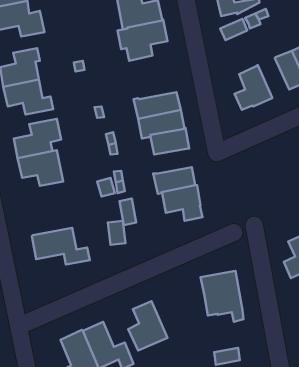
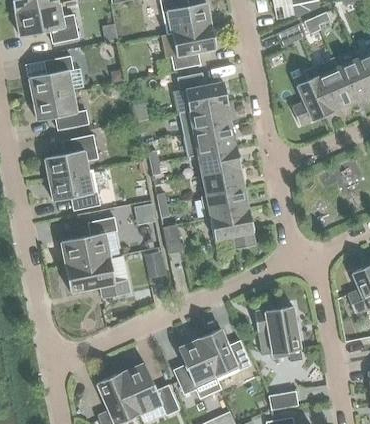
building: none -> [312,57,353,111]
building: none -> [173,73,229,113]
building: none -> [202,168,244,196]
building: none -> [61,217,117,265]
building: none -> [198,328,251,380]

